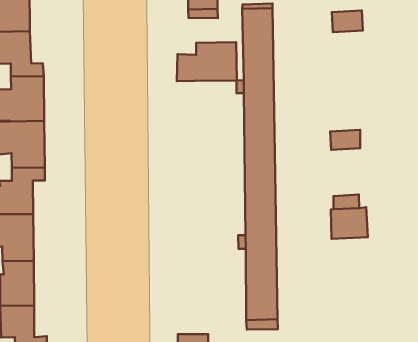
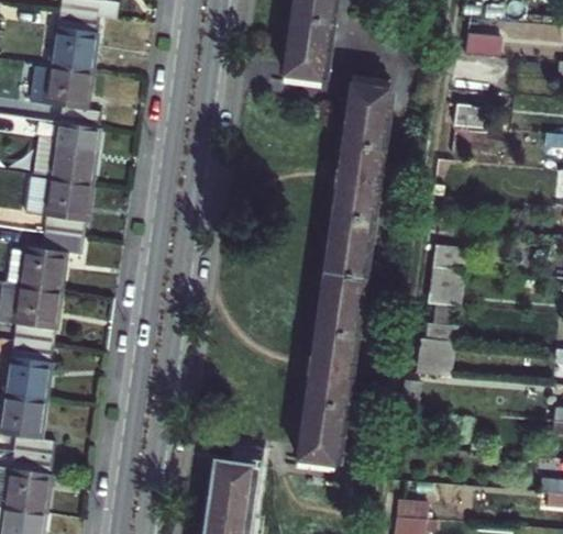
building: [177,42,237,81] -> none
building: none -> [428,267,466,305]

